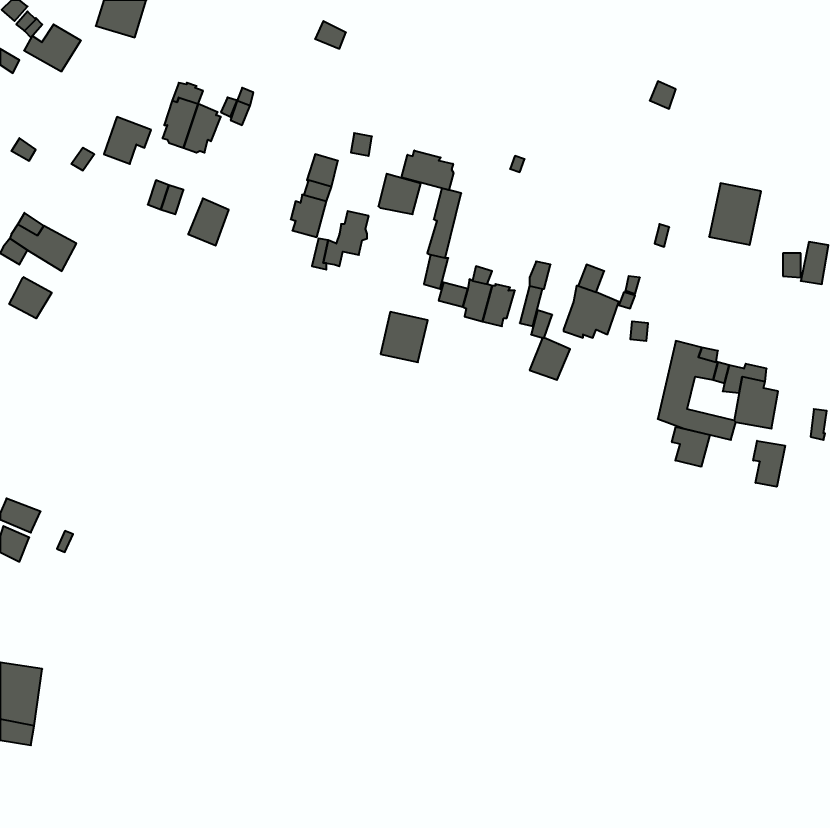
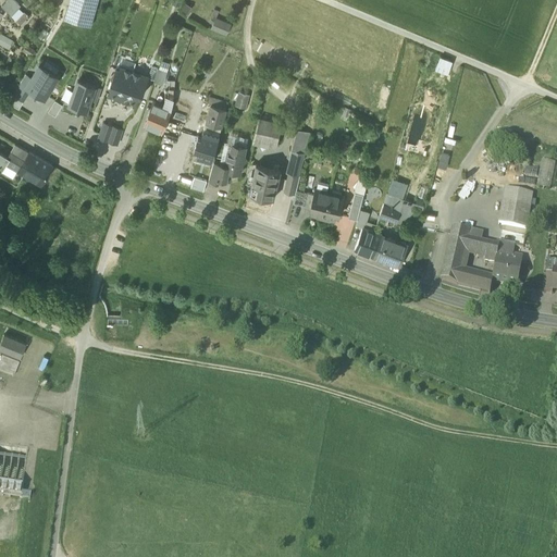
building: [24,24,81,71] -> [20,65,58,97]
building: [401,150,453,190] -> none
building: [709,183,761,245] -> [498,191,533,233]
building: [188,198,229,246] -> [145,101,172,133]
building: [9,277,52,318] -> none
building: [381,312,428,362] -> [249,164,281,198]
building: none -> [373,235,408,265]
building: [672,427,710,467] -> none
building: [753,441,785,487] -> none

